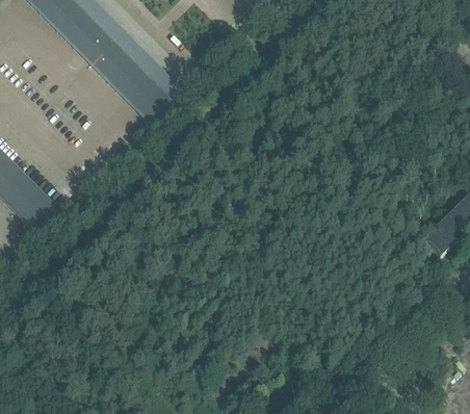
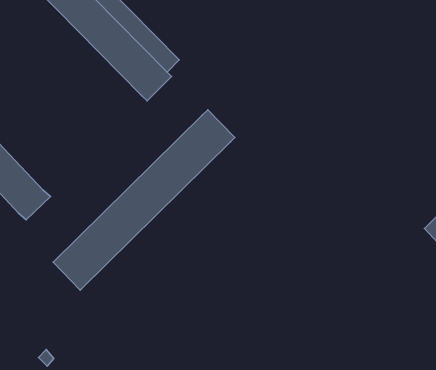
building: none -> [53,110,235,290]

